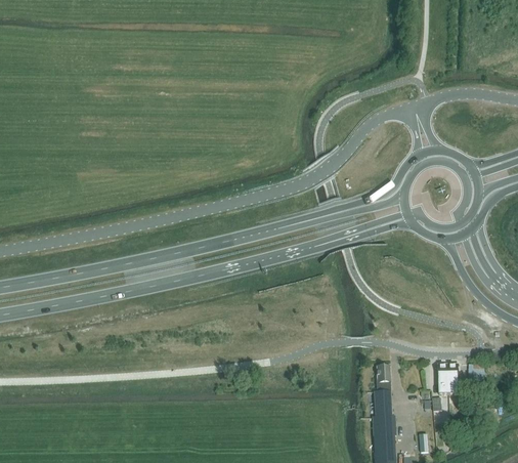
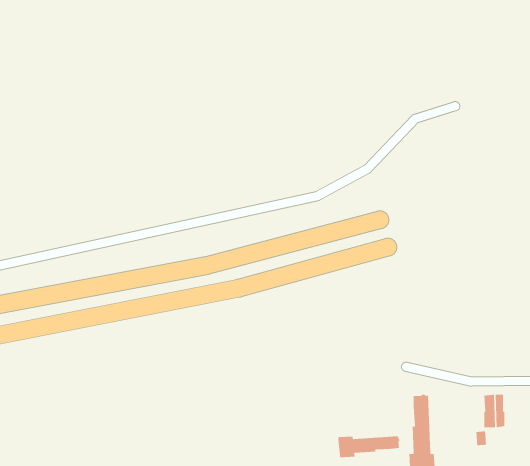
building: none -> [338,435,400,458]

